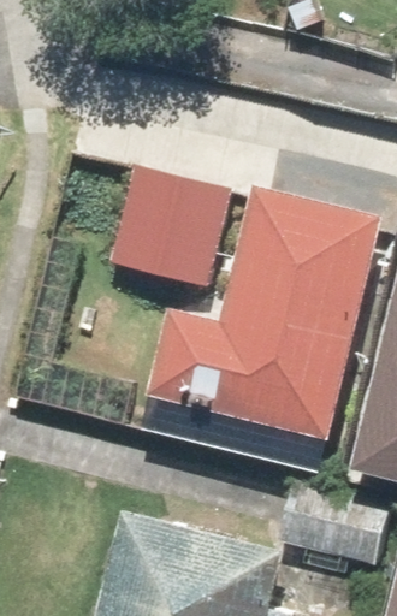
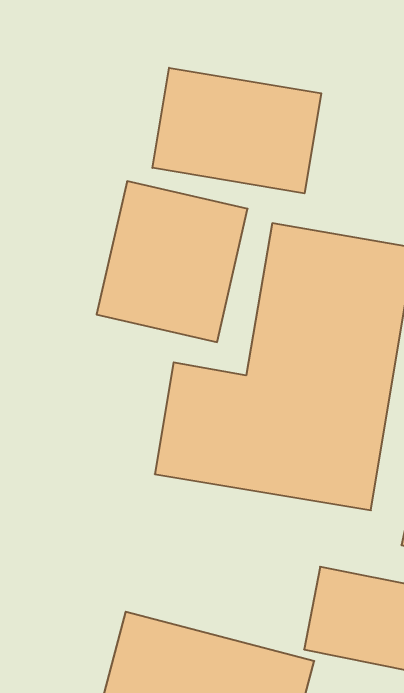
building: none -> [152,68,321,193]

